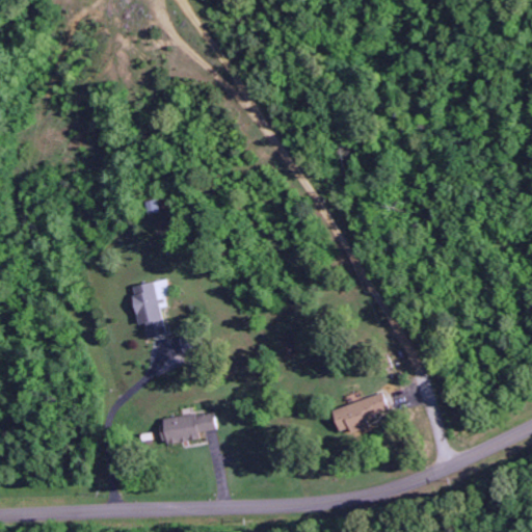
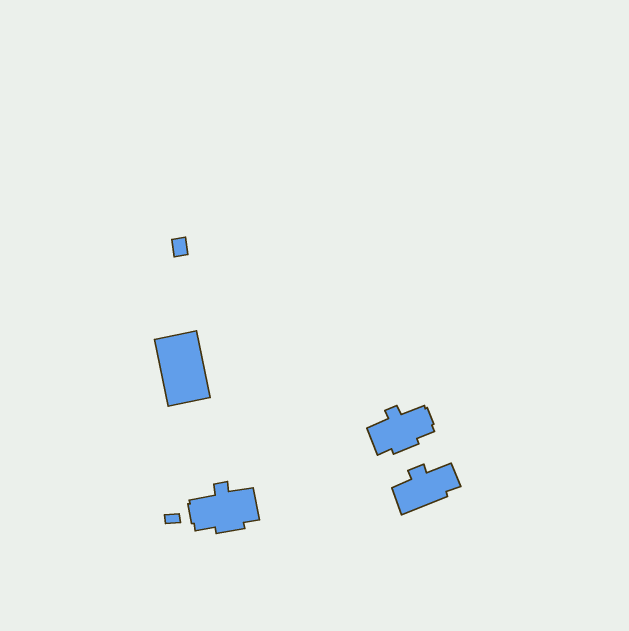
building: none -> [367,405,434,455]

